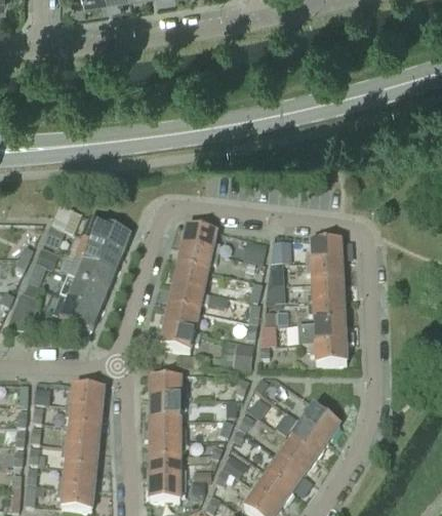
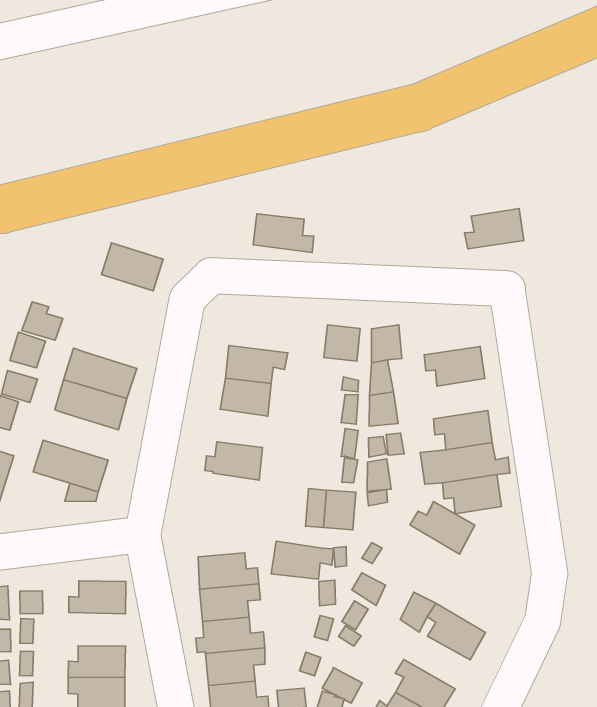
building: [91,219,131,251] -> [101,243,163,291]
building: [183,223,222,250] -> [253,214,314,252]
building: [305,237,341,260] -> [465,209,524,249]
building: [59,273,108,308] -> none
building: [307,278,343,301] -> none
building: [169,282,210,309] -> none
building: [160,322,201,349] -> [271,541,334,579]
building: [65,402,102,427] -> none
building: [298,404,339,439] -> [410,501,475,554]
building: [275,438,317,473] -> none

